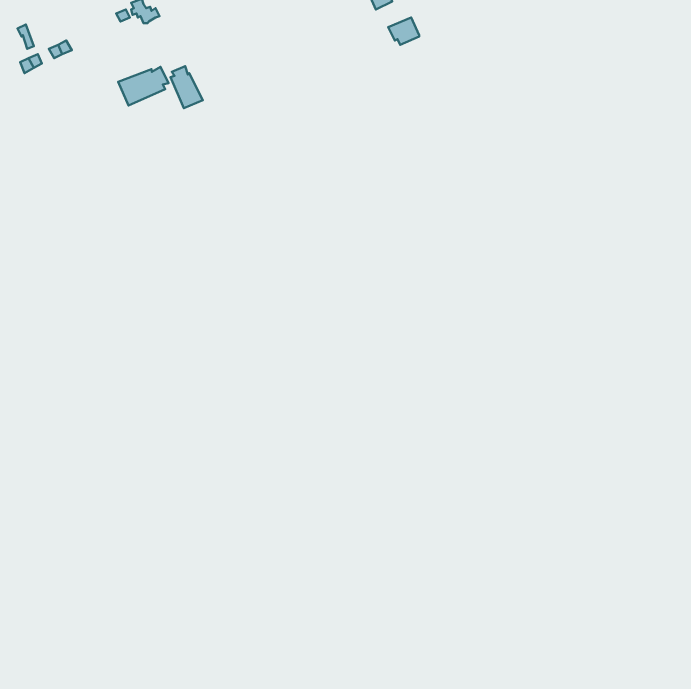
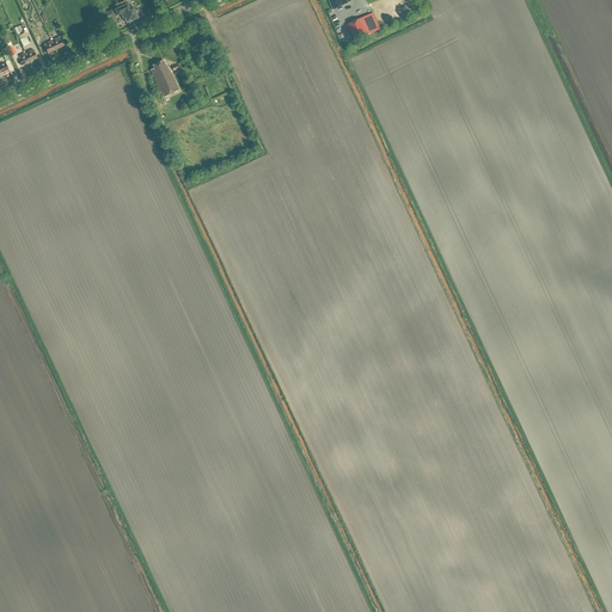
building: [118,67,168,105] -> none

